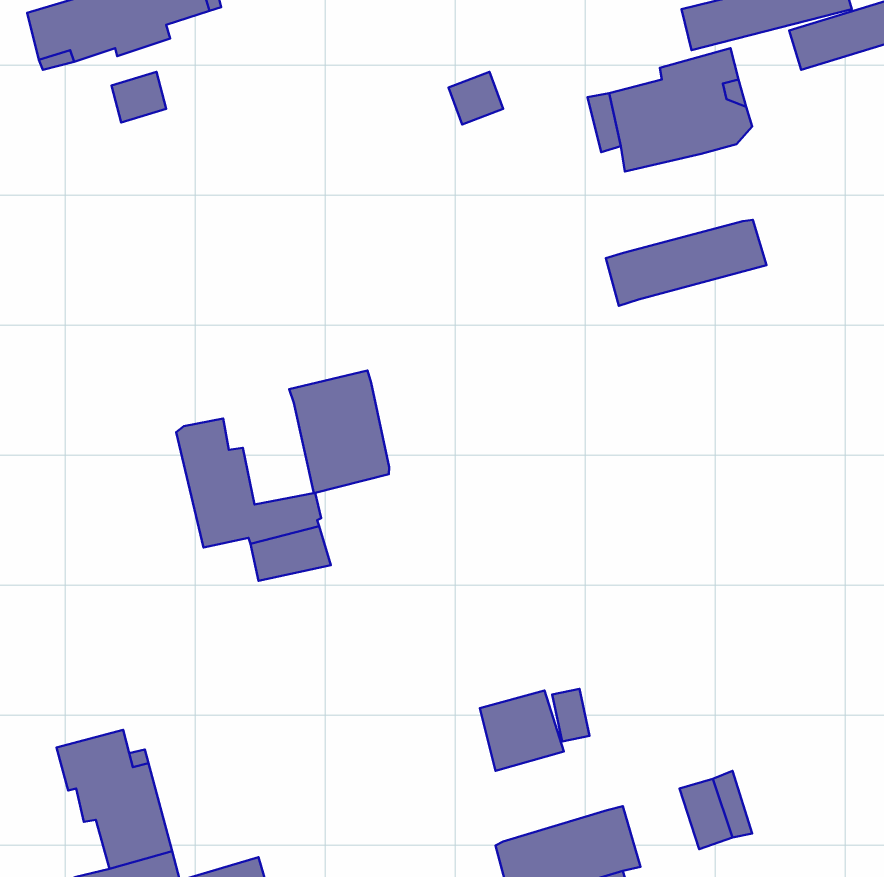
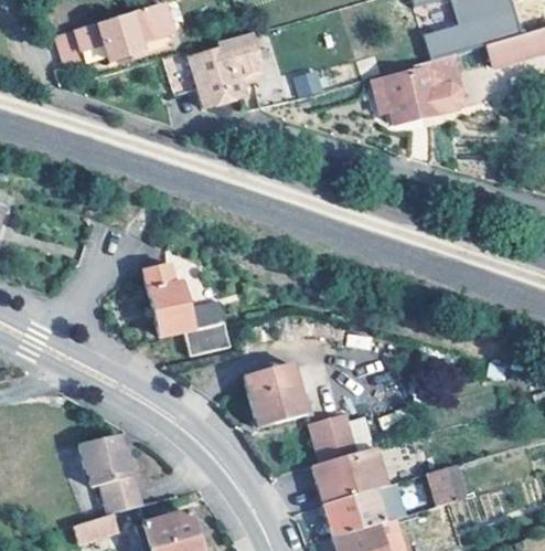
building: none -> [168,33,264,106]
building: [606,220,767,306] -> none
building: [289,371,389,493] -> none
building: none -> [246,367,308,427]
building: none -> [312,447,386,501]

